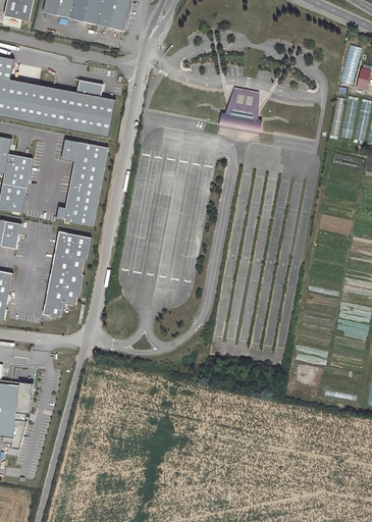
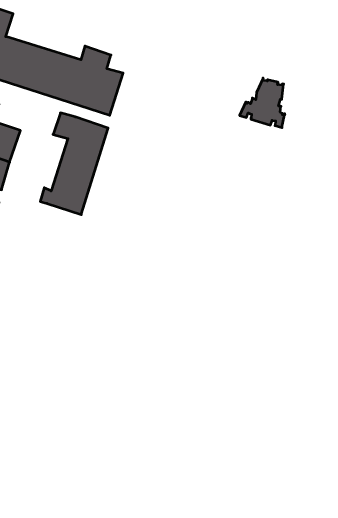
building: [42,229,91,316] -> none

